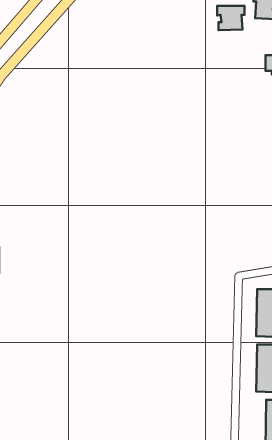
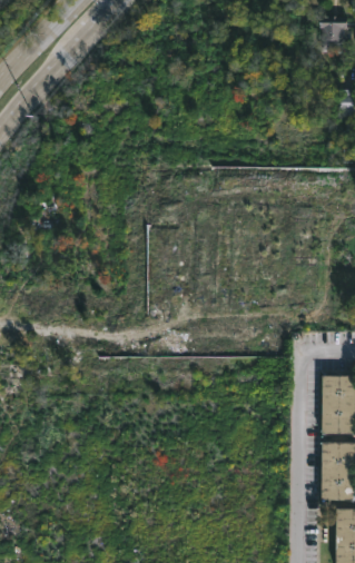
building: [217,6,245,30] -> none

